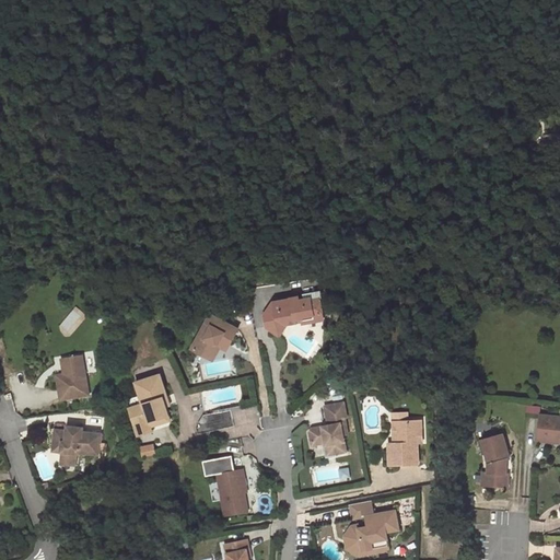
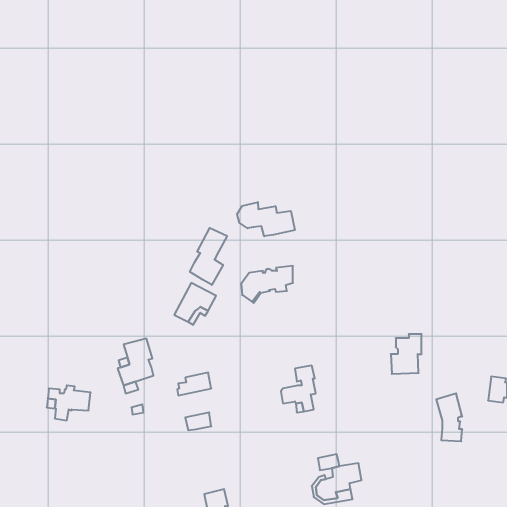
building: none -> [237,202,295,236]
building: none -> [190,228,227,285]
building: [57,353,90,398] -> none
building: [387,421,421,465] -> [391,334,422,374]
building: [215,469,246,515] -> none

